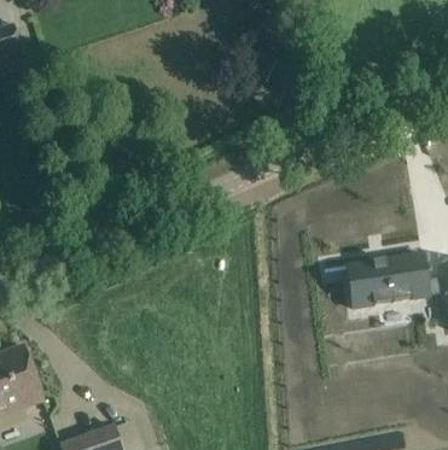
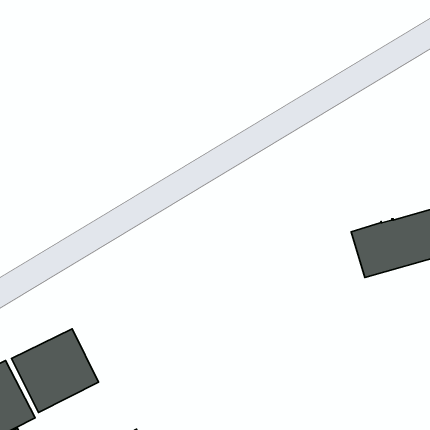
building: none -> [11,329,98,413]

